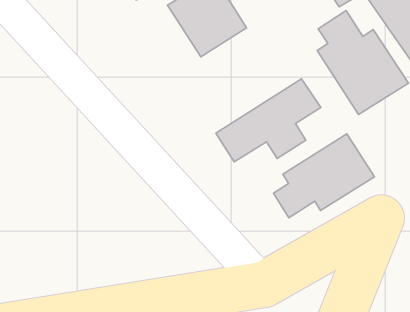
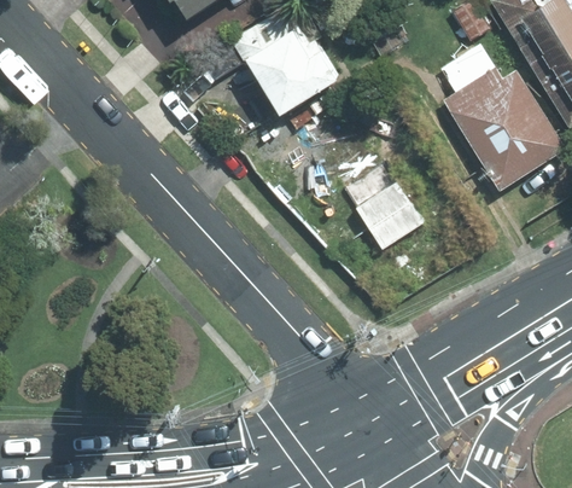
building: [274,134,374,218] -> none

